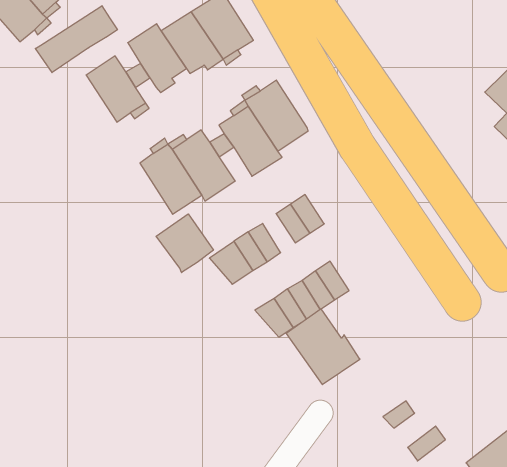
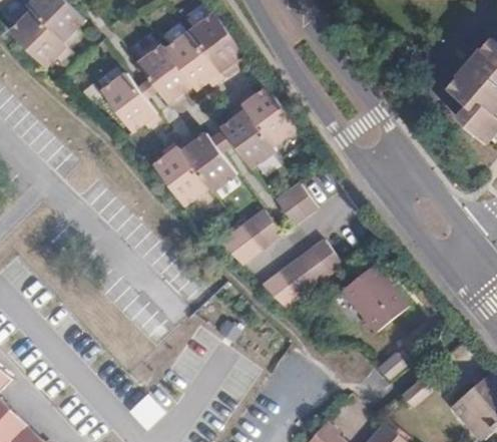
building: [35,6,117,73] -> none
building: [156,214,213,273] -> none
building: [286,309,360,385] -> [341,268,406,333]

